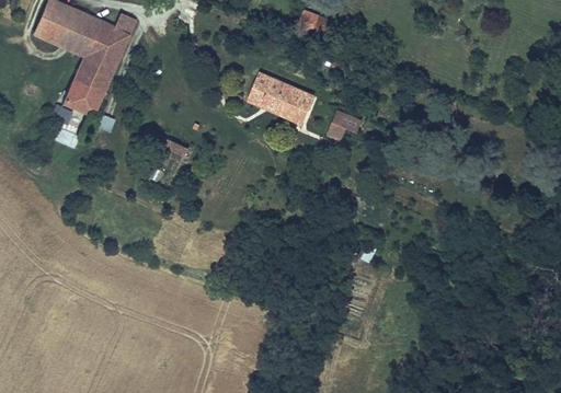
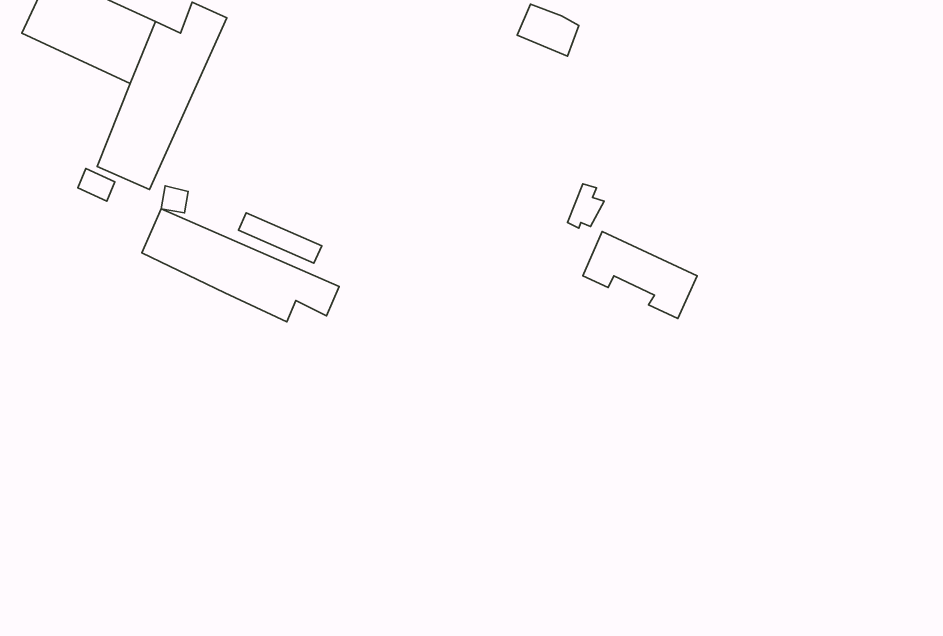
building: [251,73,316,123] -> [583,231,697,318]
building: none -> [142,209,339,322]

